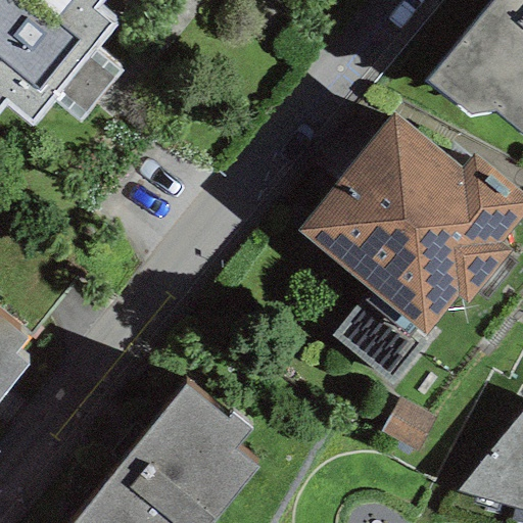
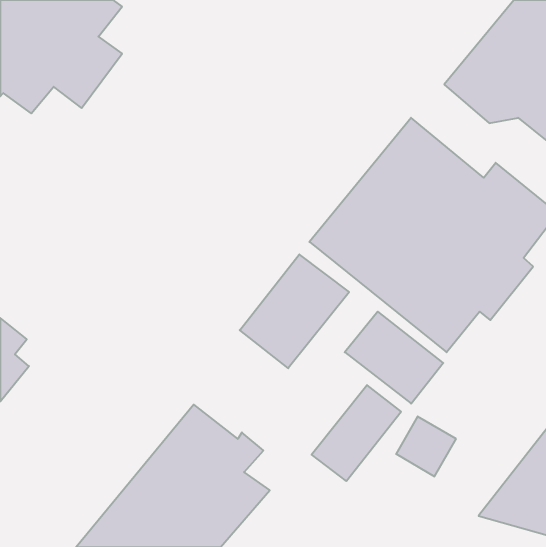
building: none -> [240,254,349,368]
building: none -> [312,385,401,481]

